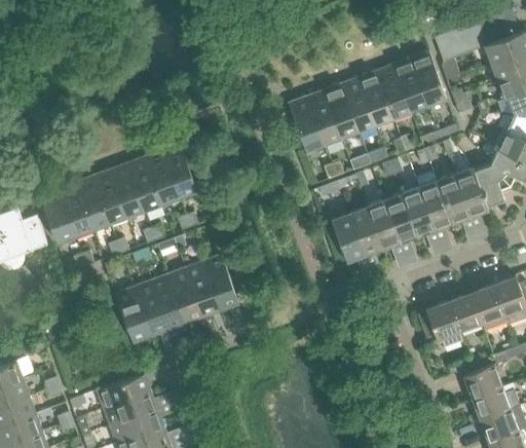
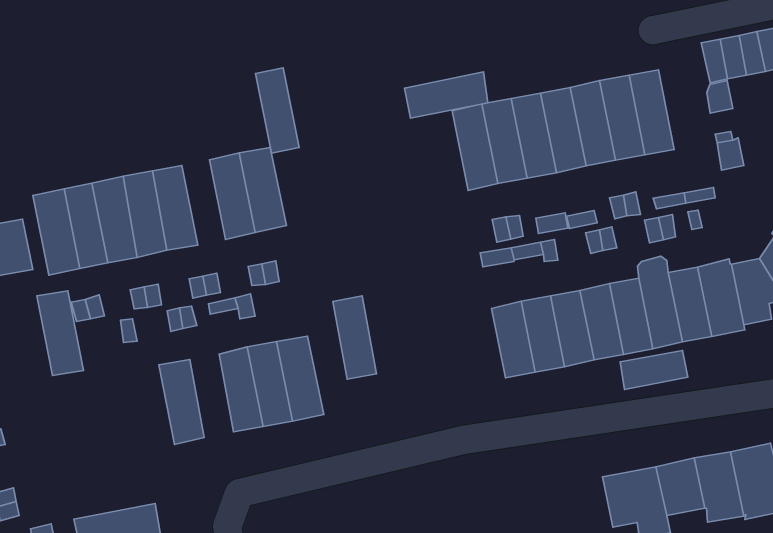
building: [410,51,446,106] -> none
building: none -> [405,72,488,118]
building: [127,157,161,211] -> [256,68,299,153]
building: none -> [620,351,688,389]
building: [151,275,185,328] -> [333,296,377,379]
building: [114,288,150,341] -> [37,291,84,376]

